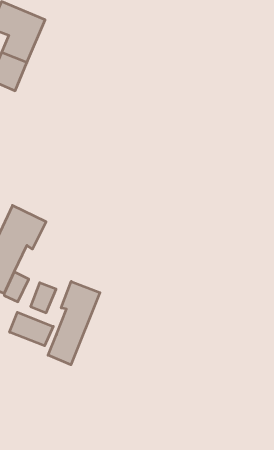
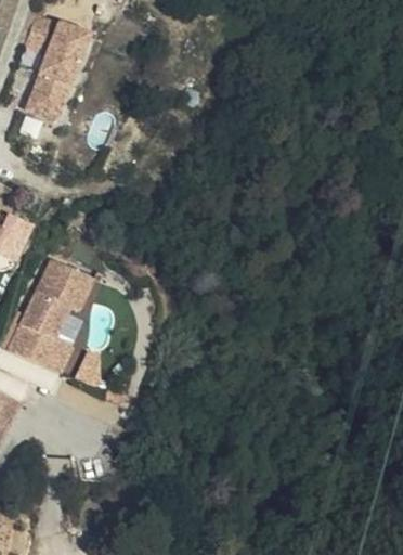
building: [48,281,100,365] -> none
building: [10,312,53,346] -> none

